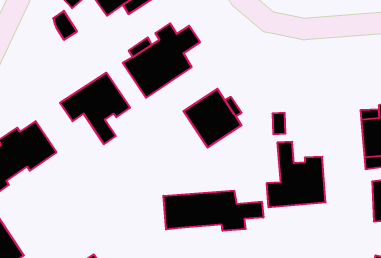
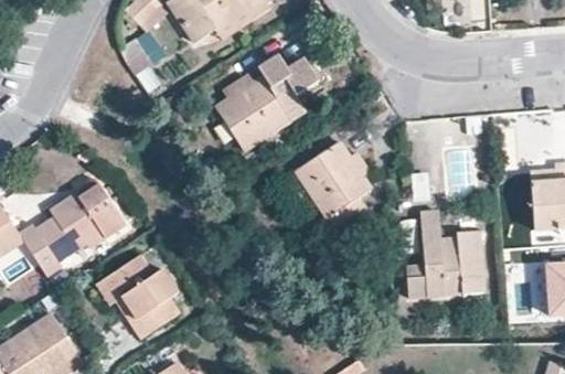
building: [60,73,130,144] -> none
building: none -> [96,254,179,339]
building: [163,191,263,231] -> none

